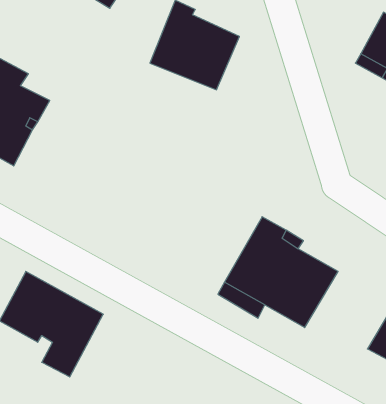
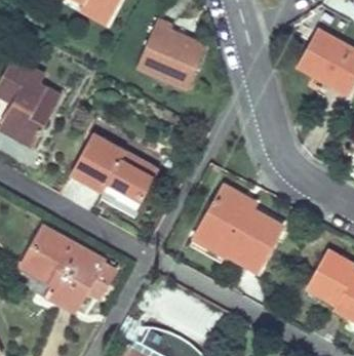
building: none -> [70,135,158,201]

